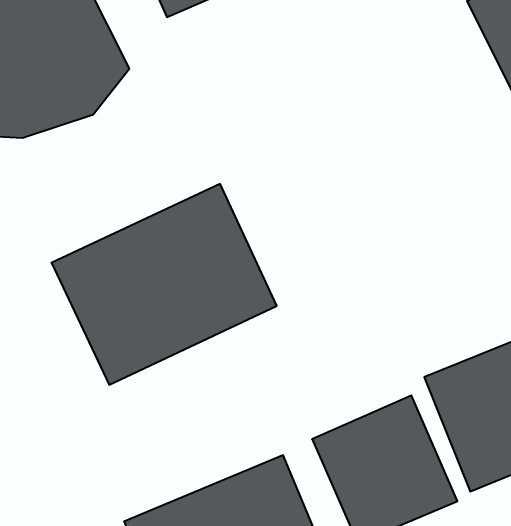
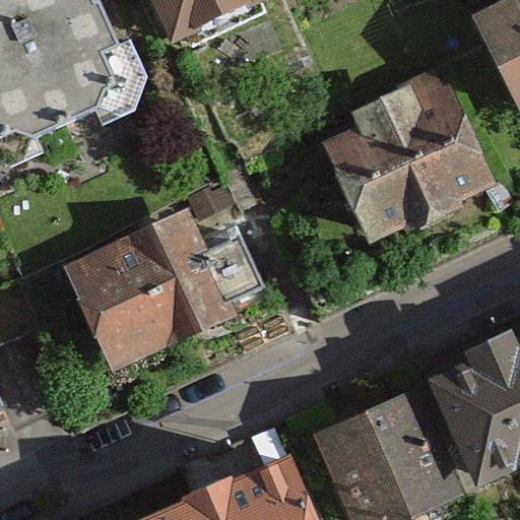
building: none -> [315,72,490,249]

